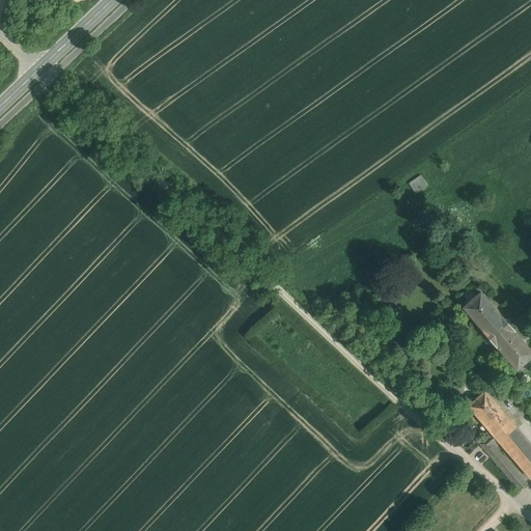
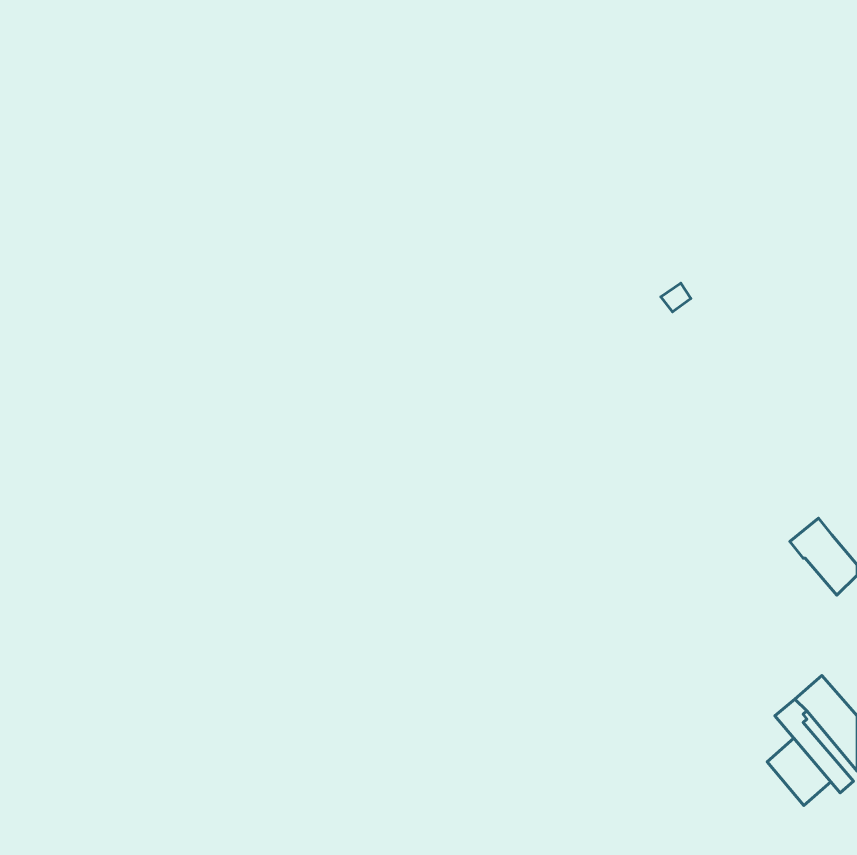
building: [465,294,506,336] -> none
building: [469,392,508,434] -> [767,738,831,805]

